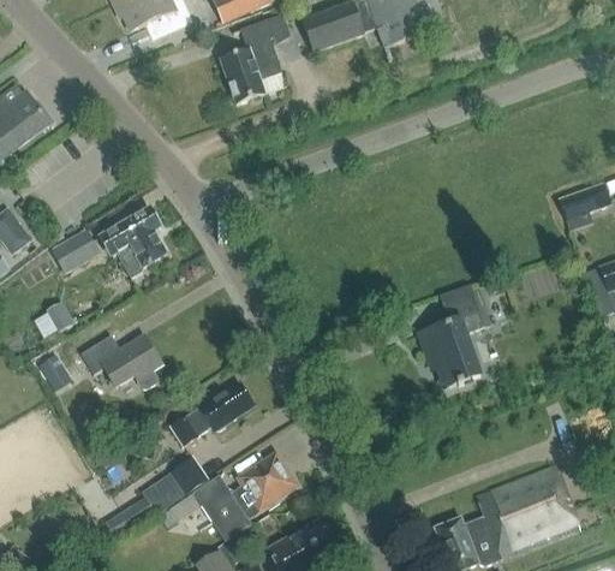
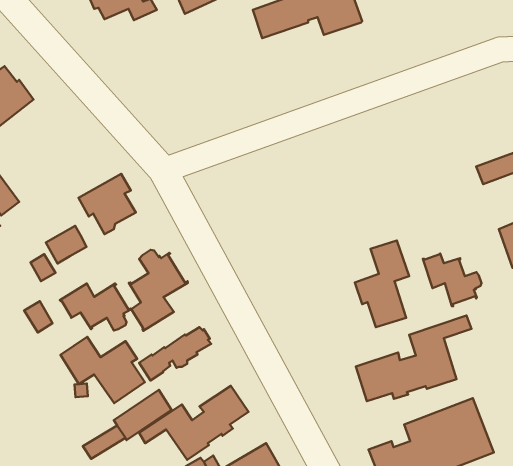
building: [217,19,279,102] -> none
building: [52,230,98,273] -> [46,226,87,263]
building: none -> [129,250,188,331]
building: none -> [423,254,482,306]
building: none -> [356,316,472,401]
building: none -> [60,337,145,403]

